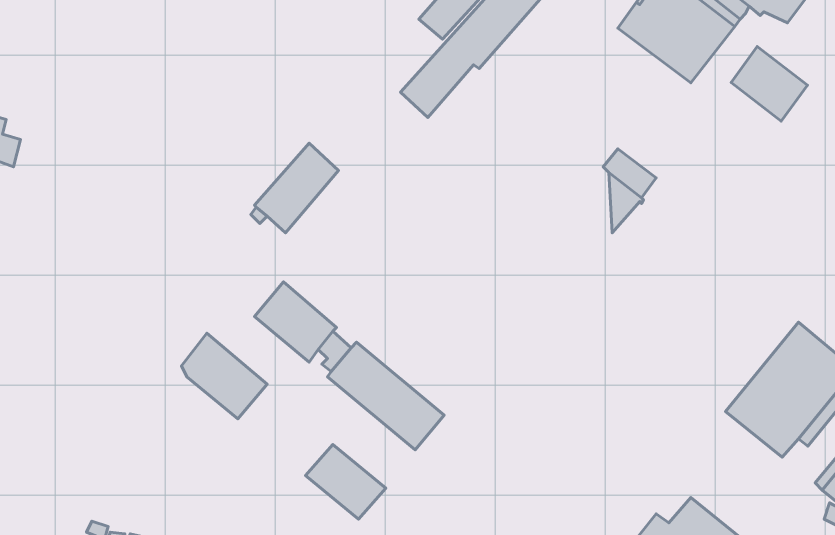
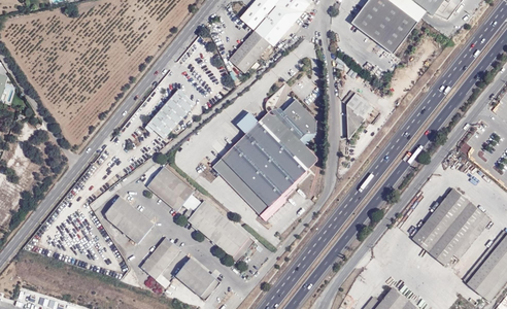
building: [731,46,807,121] -> none
building: none -> [212,97,316,221]
building: none -> [140,237,180,287]

